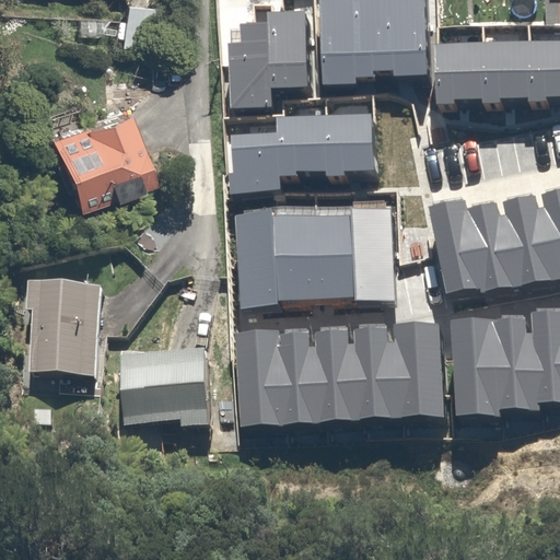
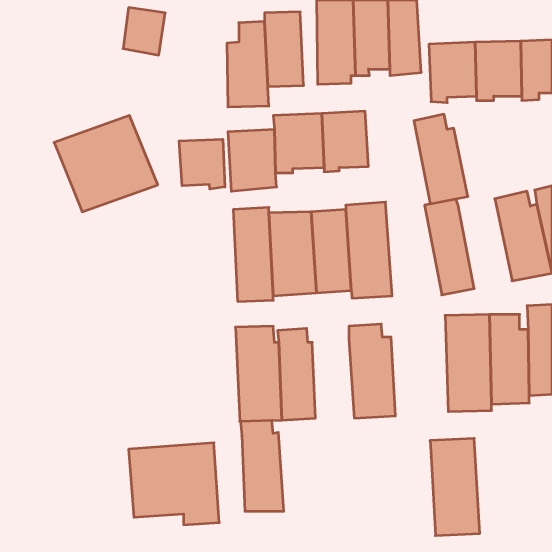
building: none -> [179,139,225,189]
building: [464,201,518,292] -> [414,114,468,204]
building: [24,281,101,374] -> none
building: [395,323,445,421] -> [430,438,480,536]
building: [315,331,359,423] -> [241,420,284,511]
building: [116,343,208,427] -> [129,443,219,525]

